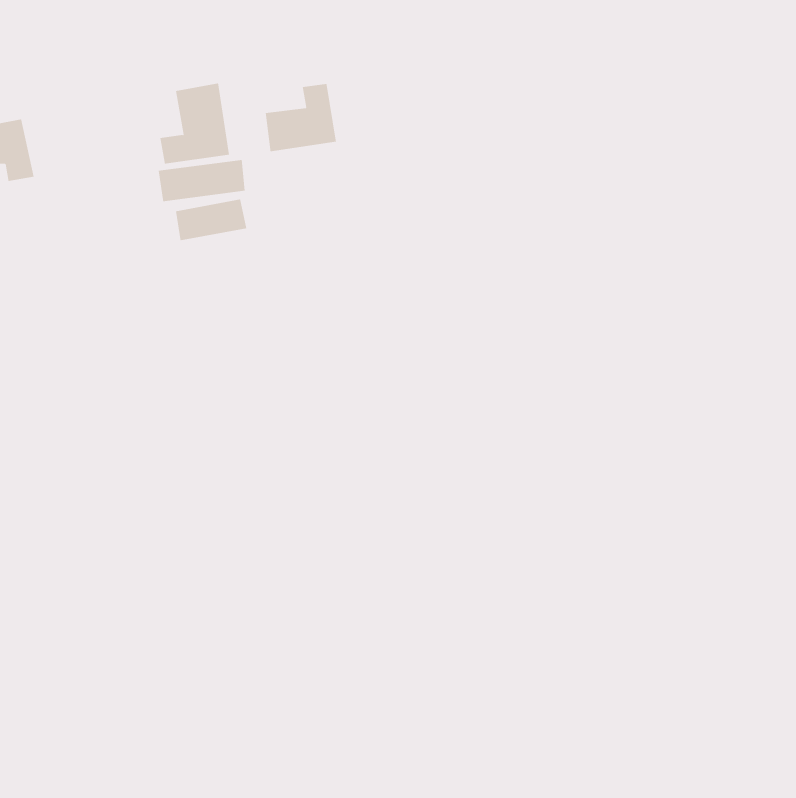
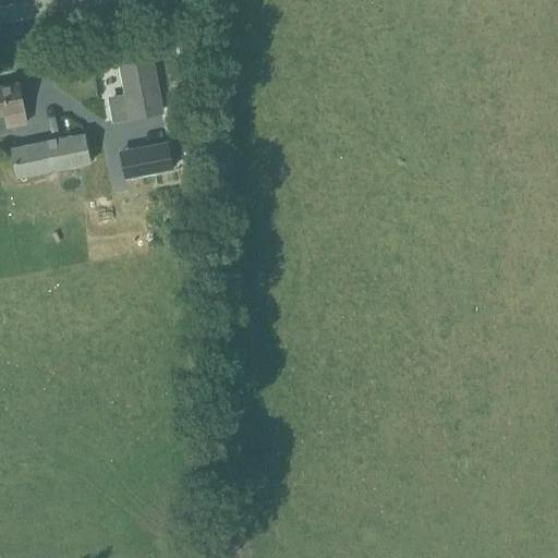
building: [265,83,336,152] -> none
building: none -> [9,133,88,180]

